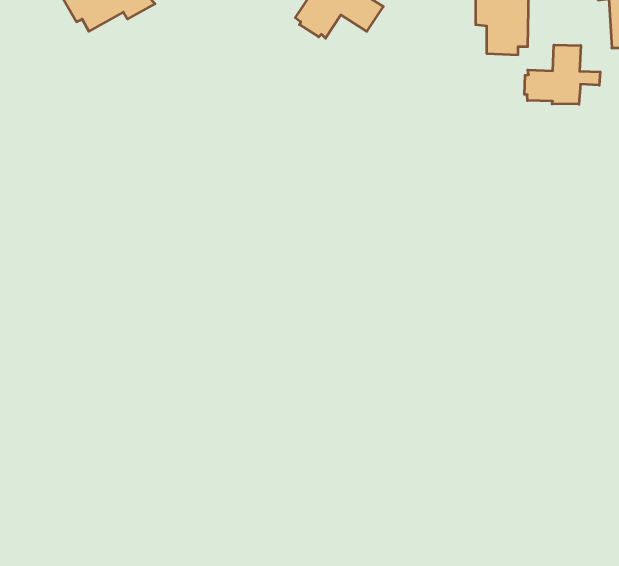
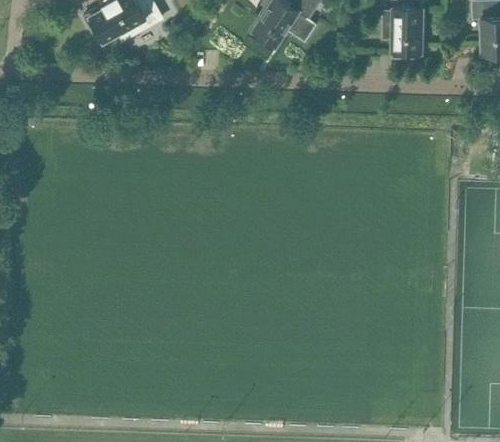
building: [524,45,600,104] -> none

